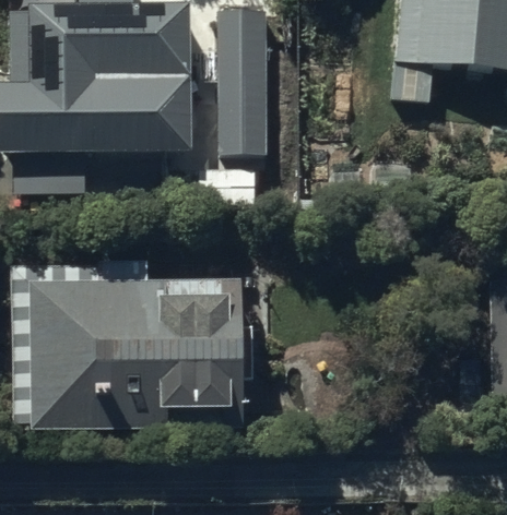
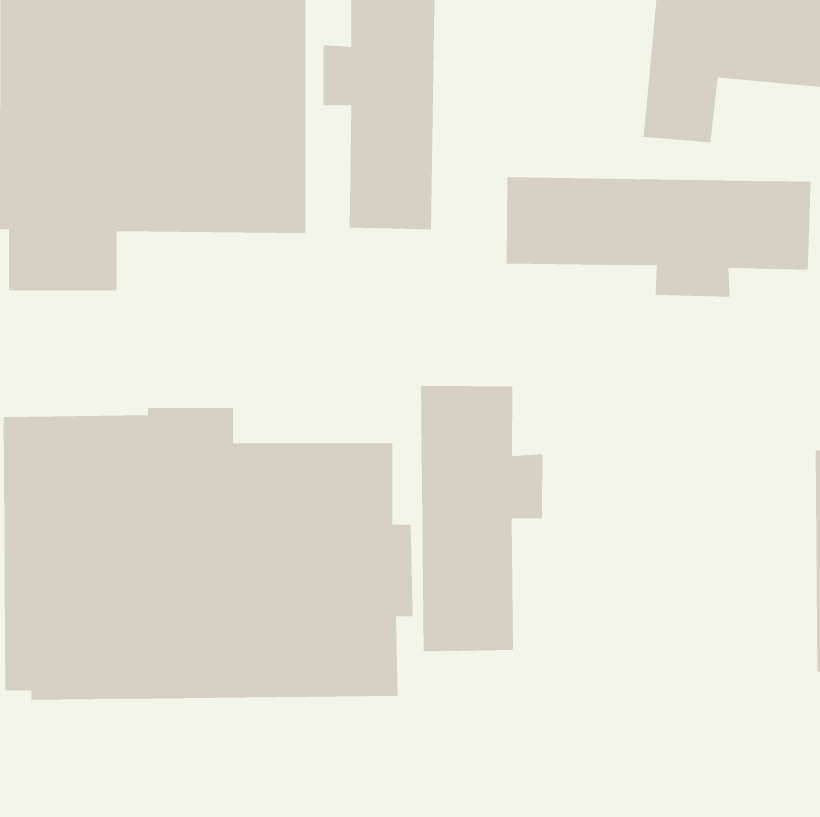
building: none -> [506,176,811,298]
building: none -> [420,385,543,652]

